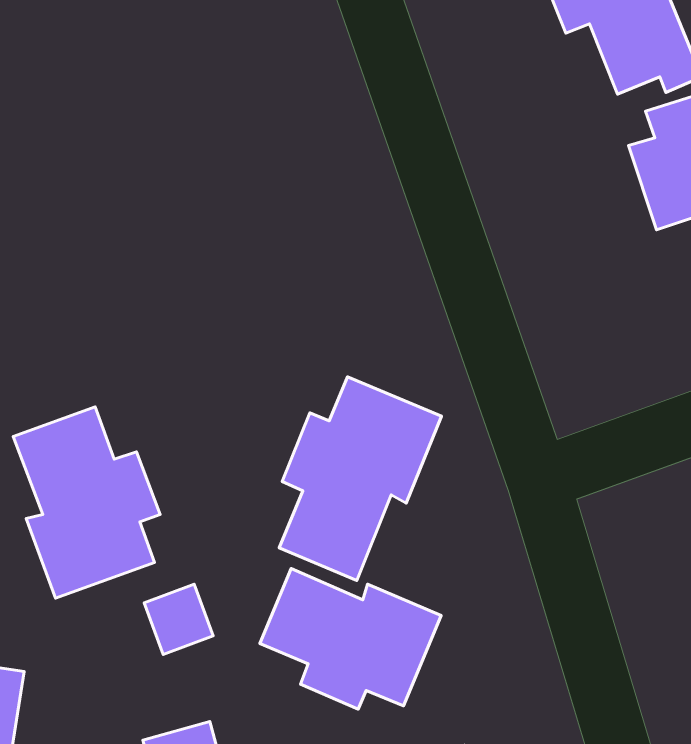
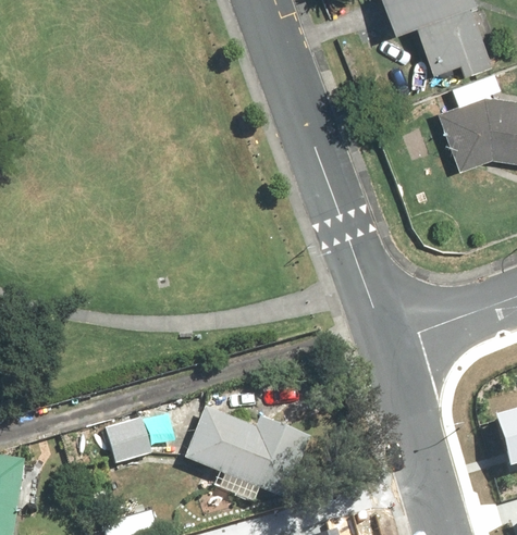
building: [279,377,442,580] -> none
building: [13,407,160,598] -> none

